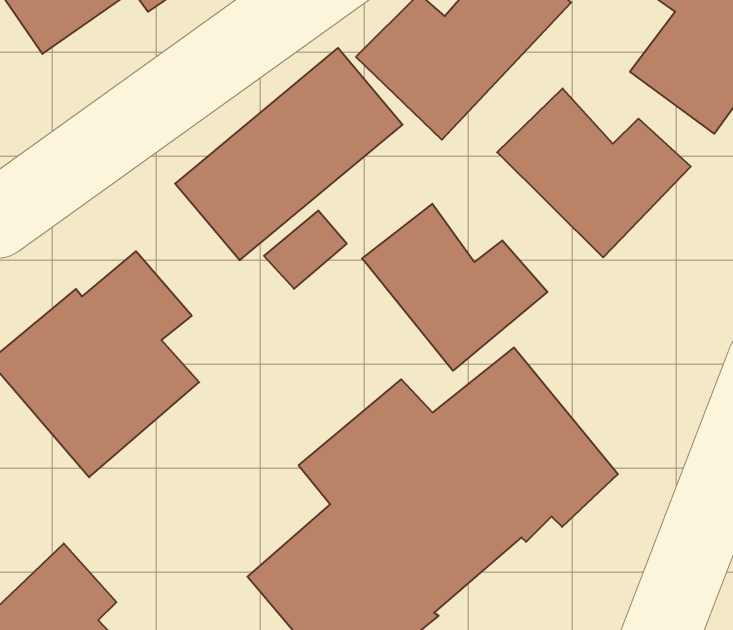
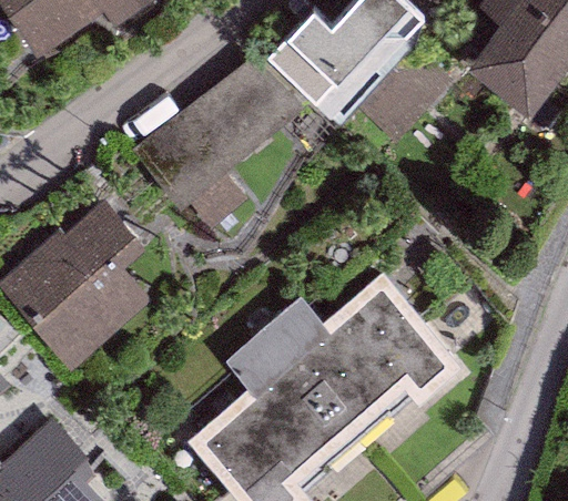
building: [497,88,691,257] -> none
building: [362,204,547,371] -> none

